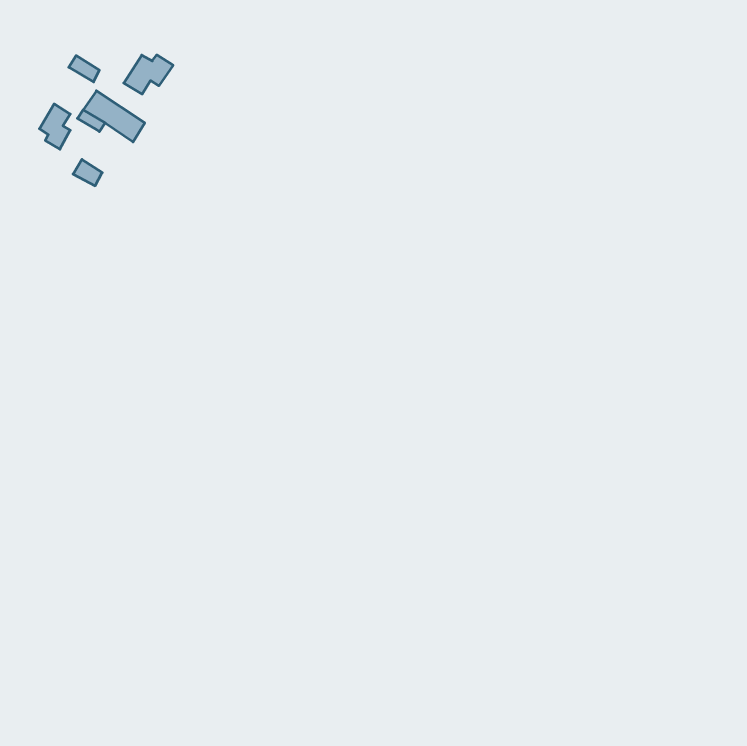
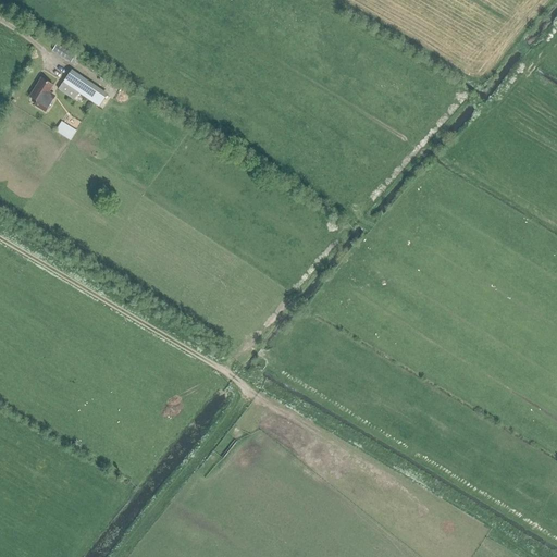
building: [124,55,173,94] -> none

